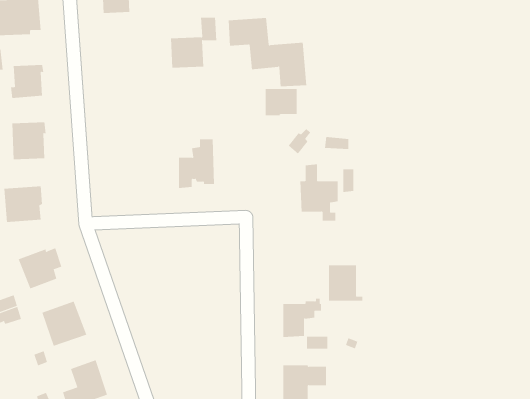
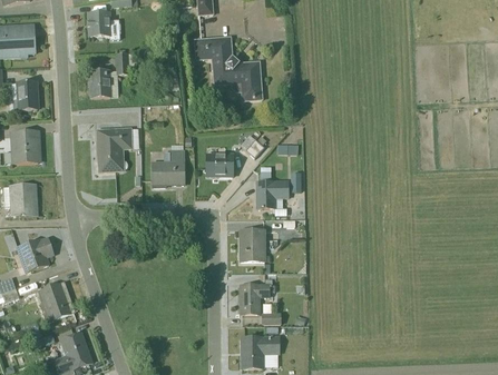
building: [170,17,217,68] -> [89,53,129,97]
building: [265,88,298,116] -> [206,152,234,176]
building: none -> [98,128,134,170]
building: [328,265,363,301] -> [241,229,271,260]

